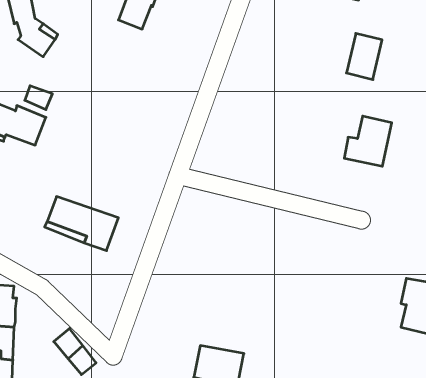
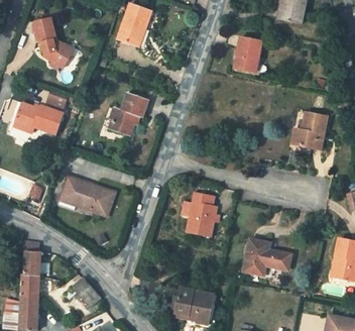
building: [346,33,382,80] -> [233,33,260,69]
building: none -> [108,91,147,135]
building: none -> [186,194,216,236]
building: none -> [242,237,289,274]

